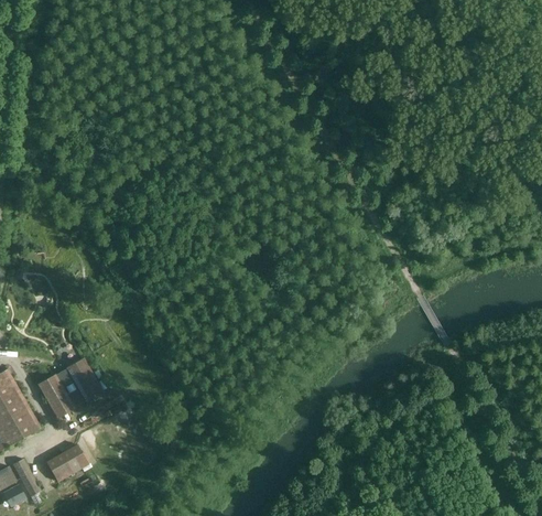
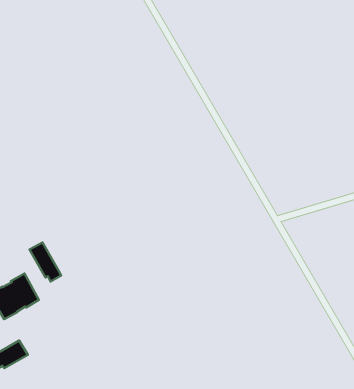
building: none -> [30,242,61,281]

